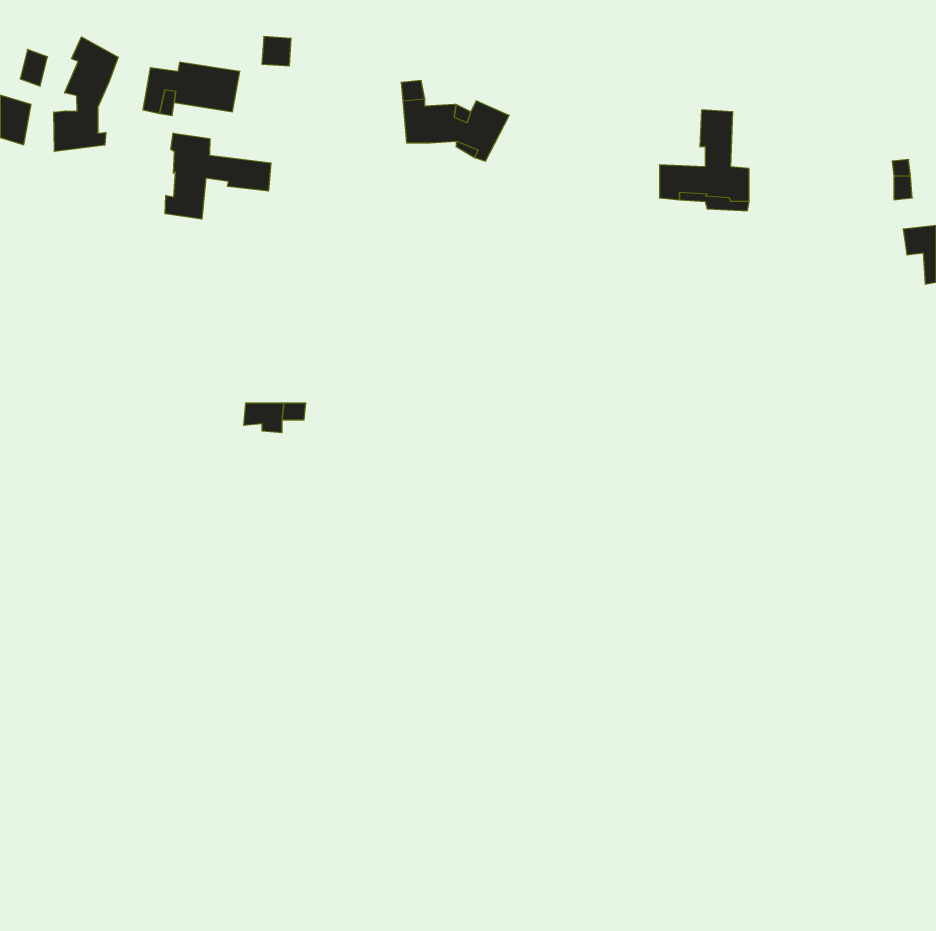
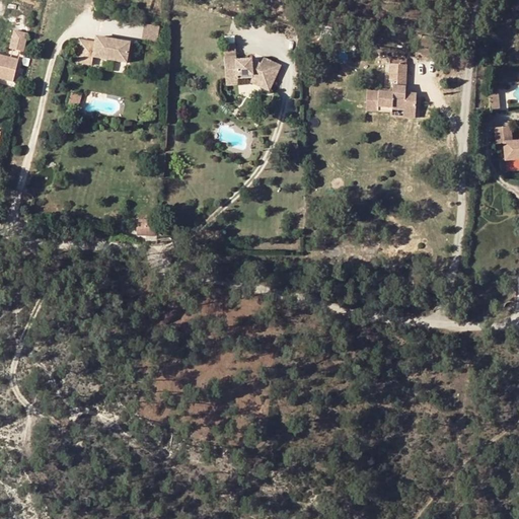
building: [54,37,118,152] -> none
building: [165,133,271,219] -> none

